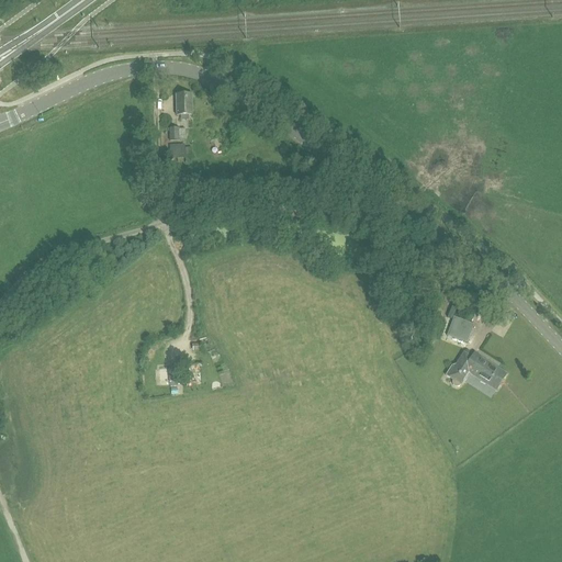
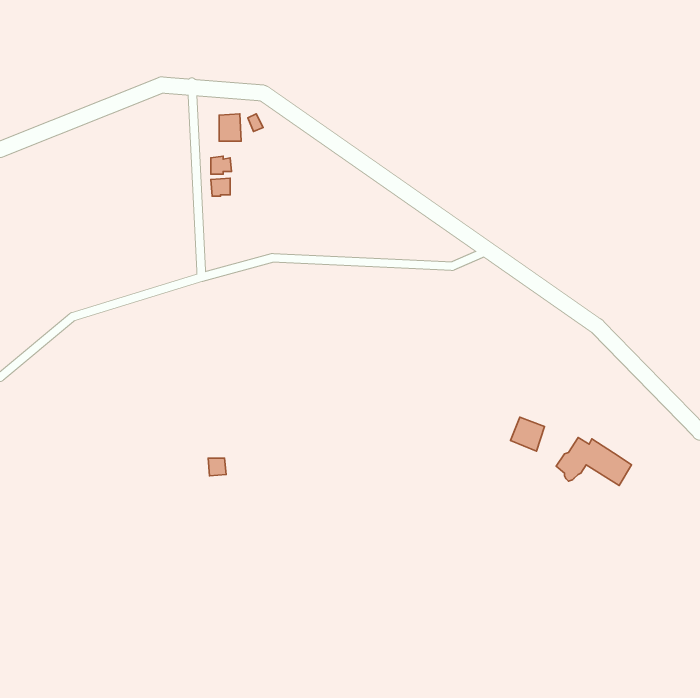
building: [447,314,474,341] -> [510,417,545,451]

